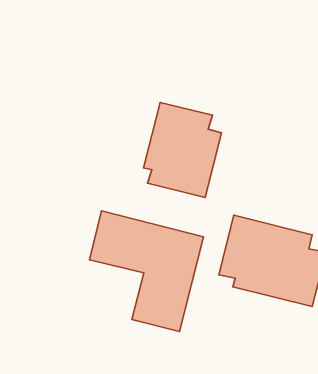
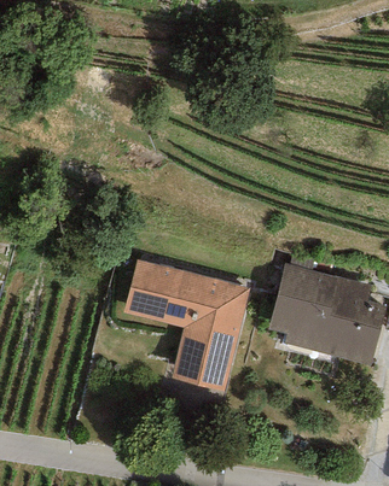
building: [143,103,221,197] -> none

